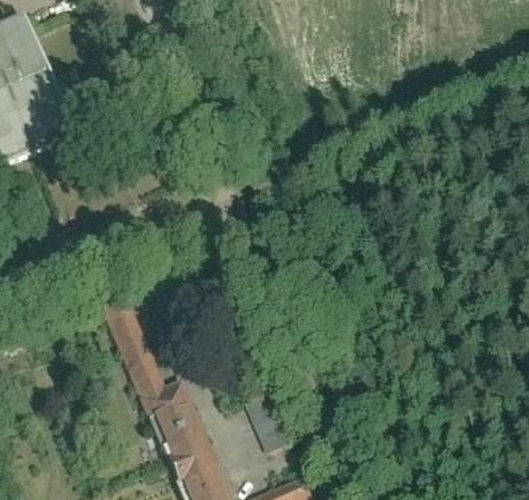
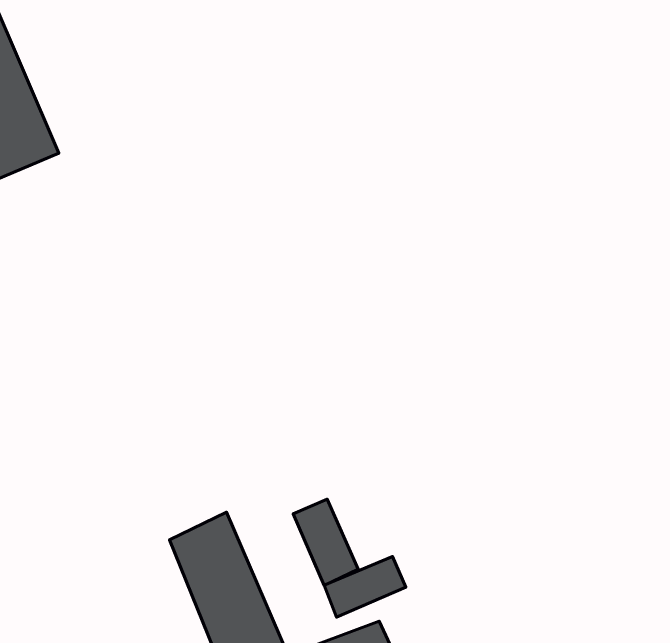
building: [107,304,193,420] -> none
building: none -> [324,556,406,617]

